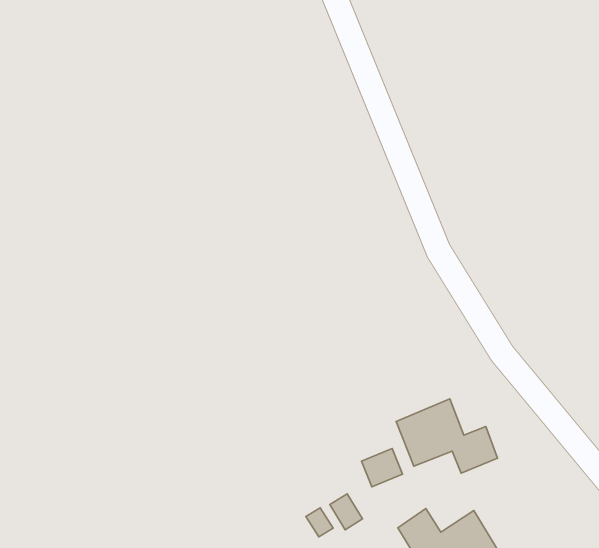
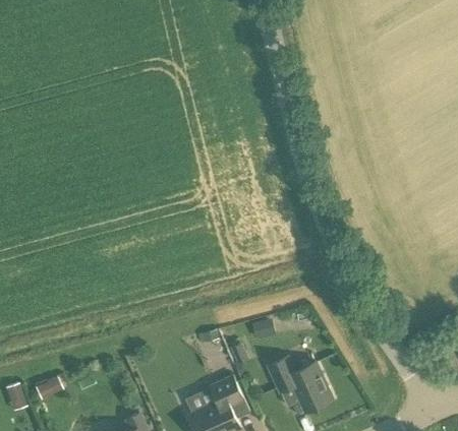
building: [396,399,498,473] -> none

